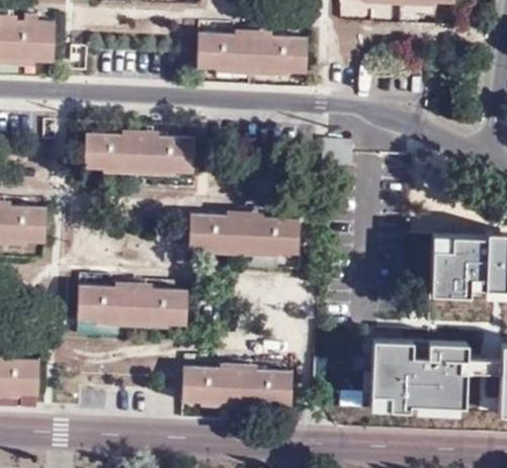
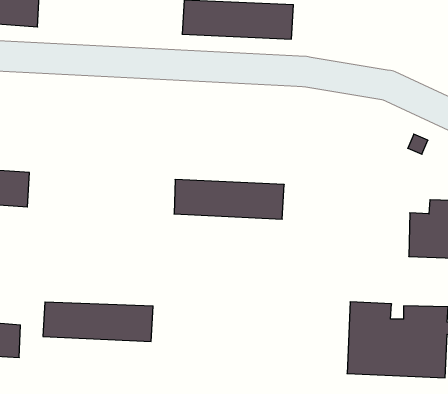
building: [85,134,194,173] -> none
building: [78,286,188,325] -> [43,302,153,341]
building: [183,367,293,405] -> none

